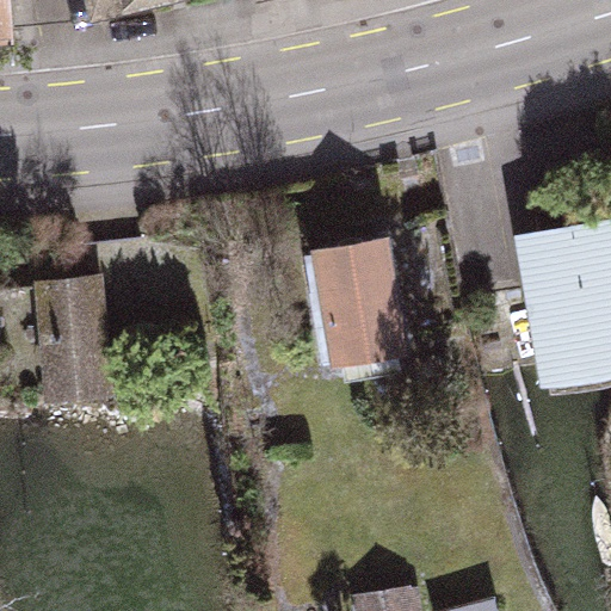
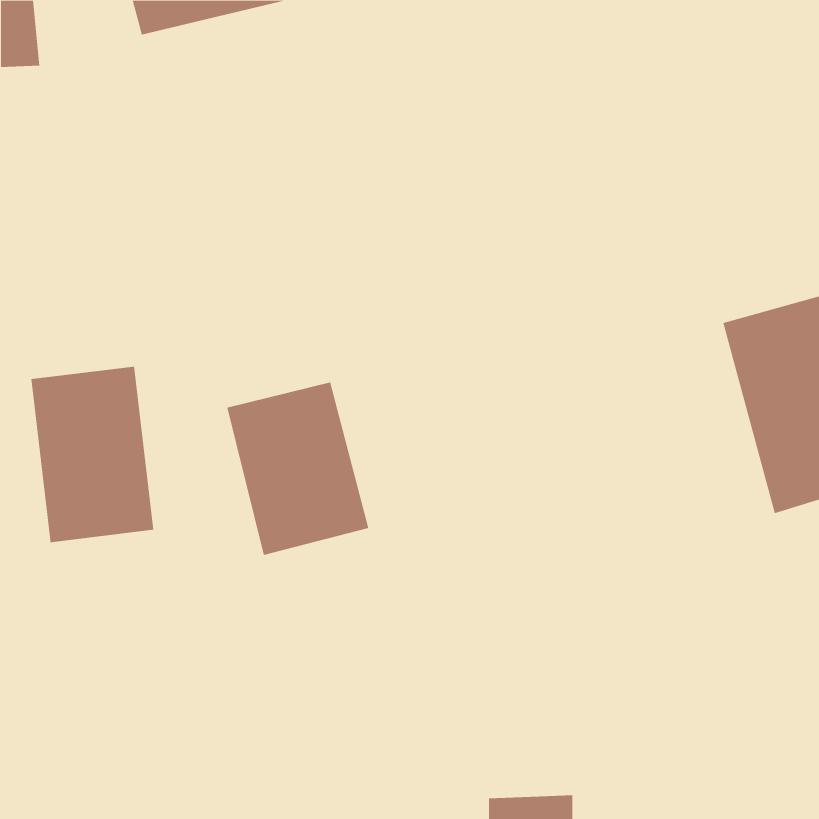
building: [295,236,401,365] -> [226,382,369,555]

